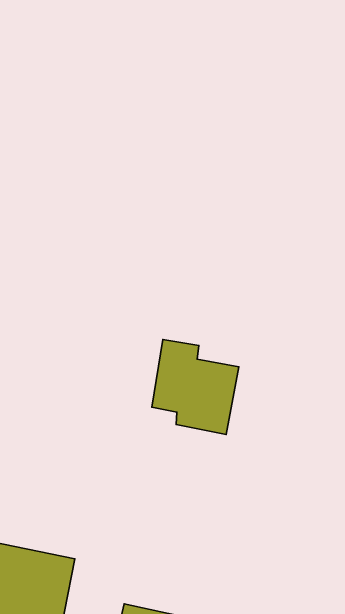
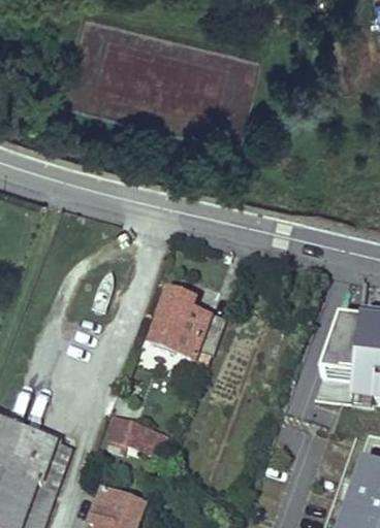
building: none -> [102,412,170,455]

